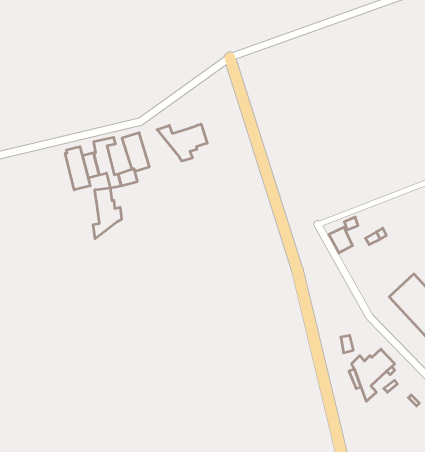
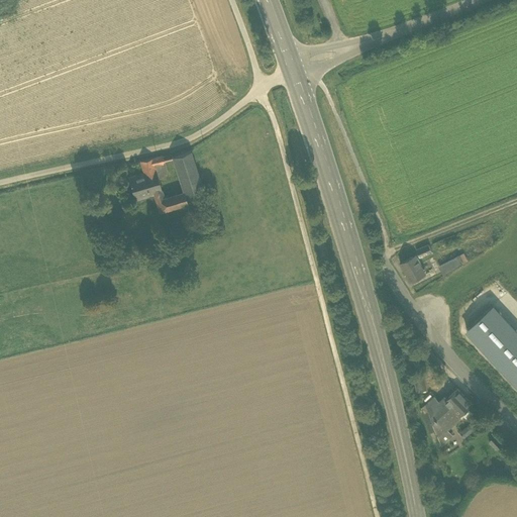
building: [157,124,207,161] -> none
building: [65,147,90,190] -> none
building: [93,188,121,239] -> none

